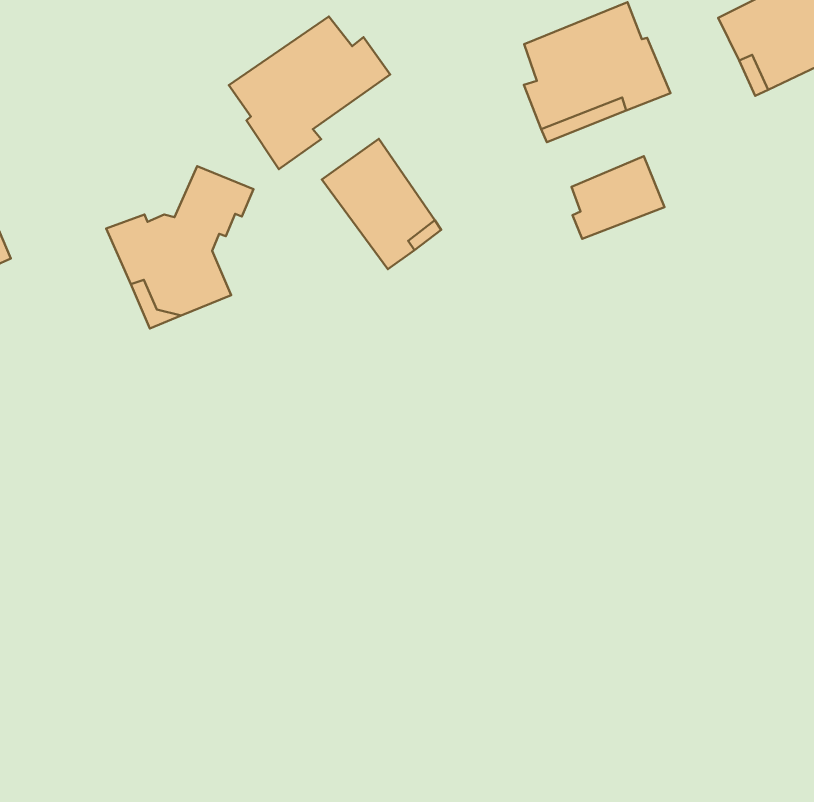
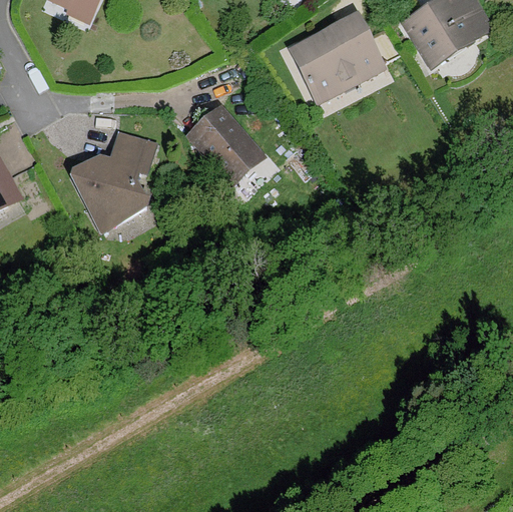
building: [229,16,390,169] -> none
building: [571,156,664,239] -> none

